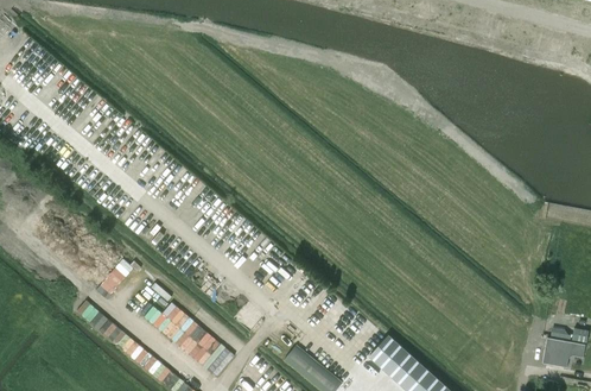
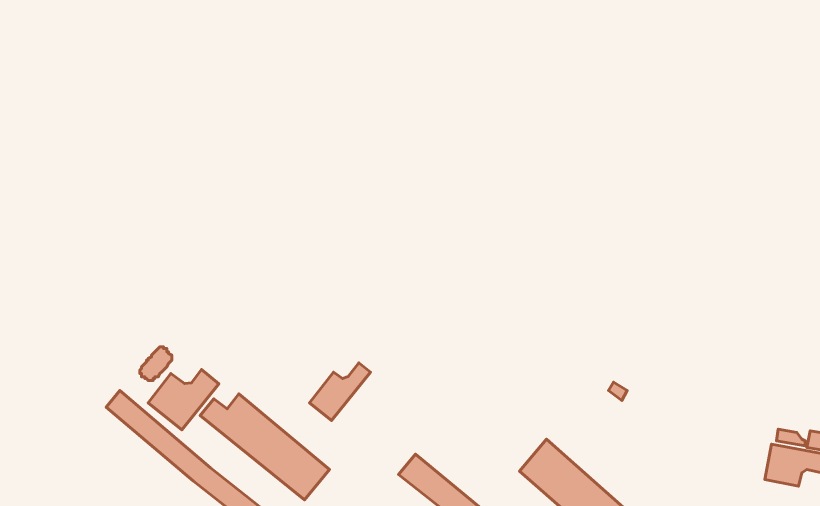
building: none -> [309,363,370,420]
building: none -> [148,369,219,430]

